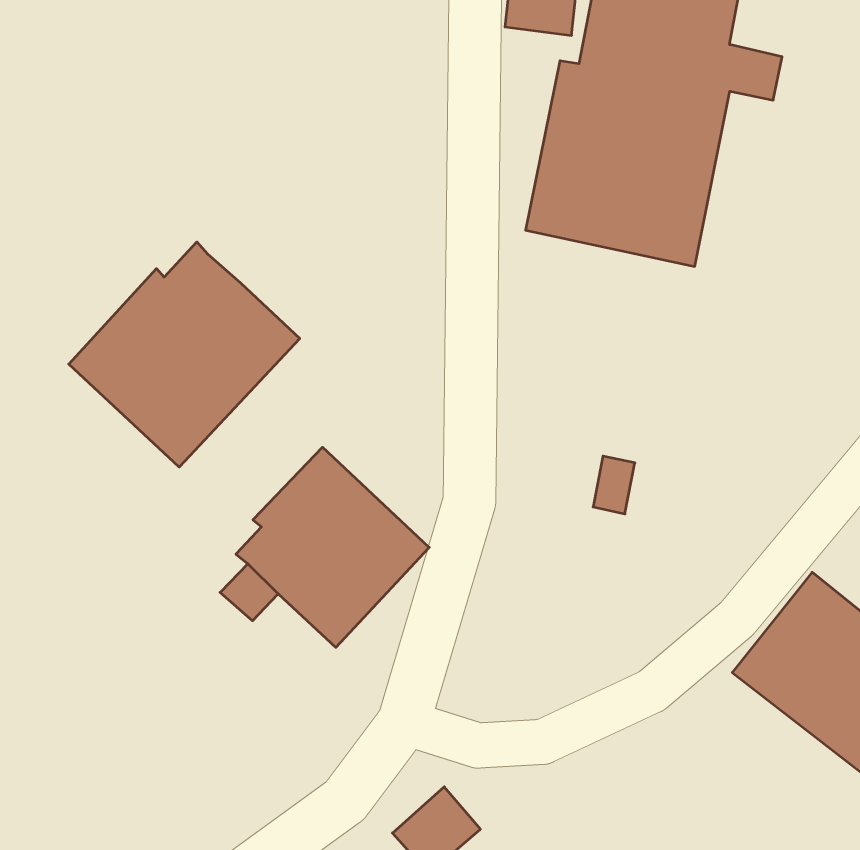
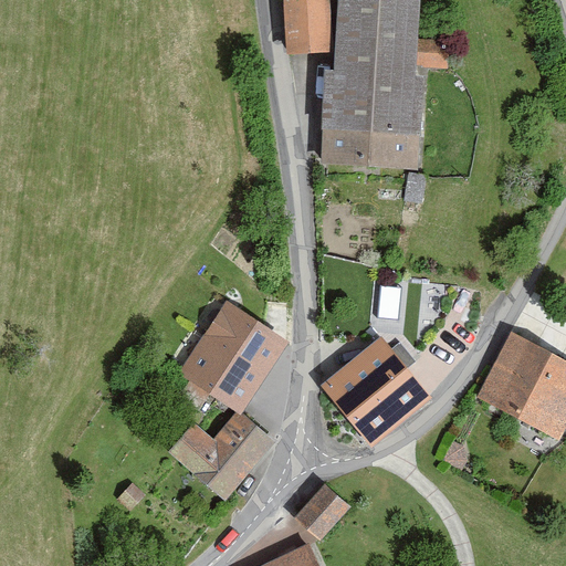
building: [69,242,300,467] -> none
building: none -> [322,337,426,441]
building: none -> [167,413,271,499]

